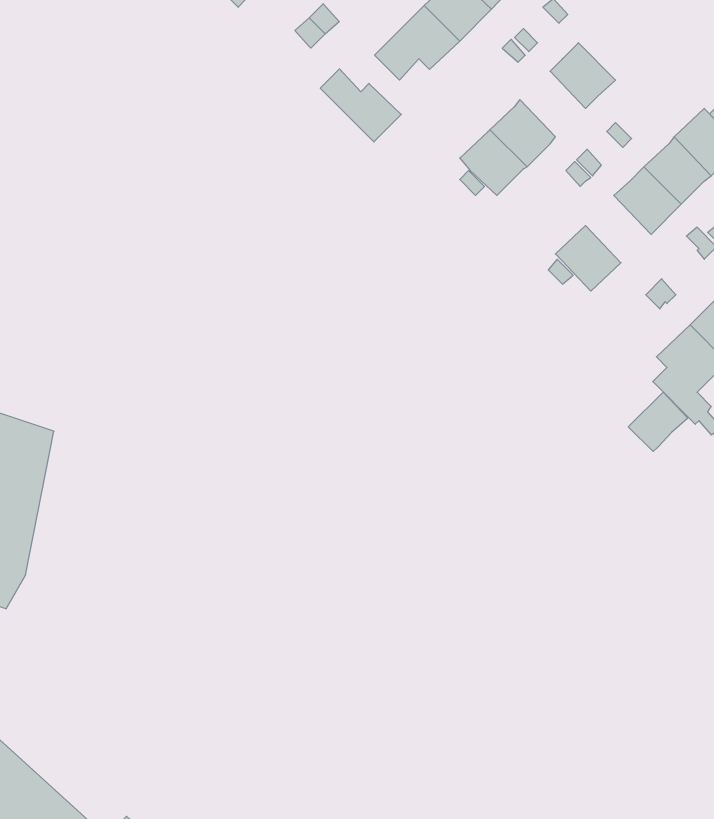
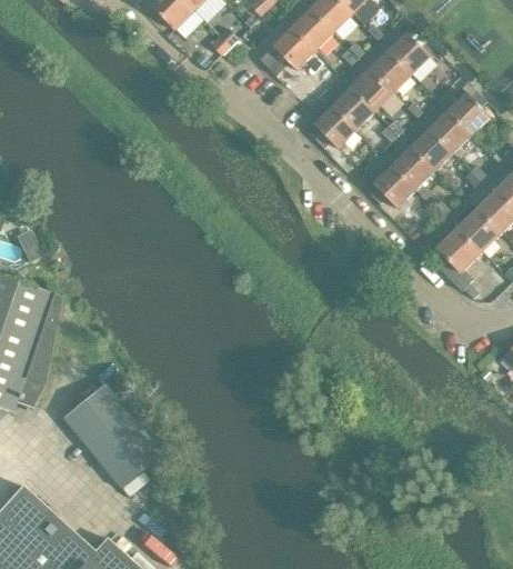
building: none -> [389,32,431,74]
building: [320,69,401,142] -> none
building: none -> [352,69,393,110]
building: none -> [393,147,434,189]
building: [628,392,688,451] -> none
building: none -> [62,383,160,487]

